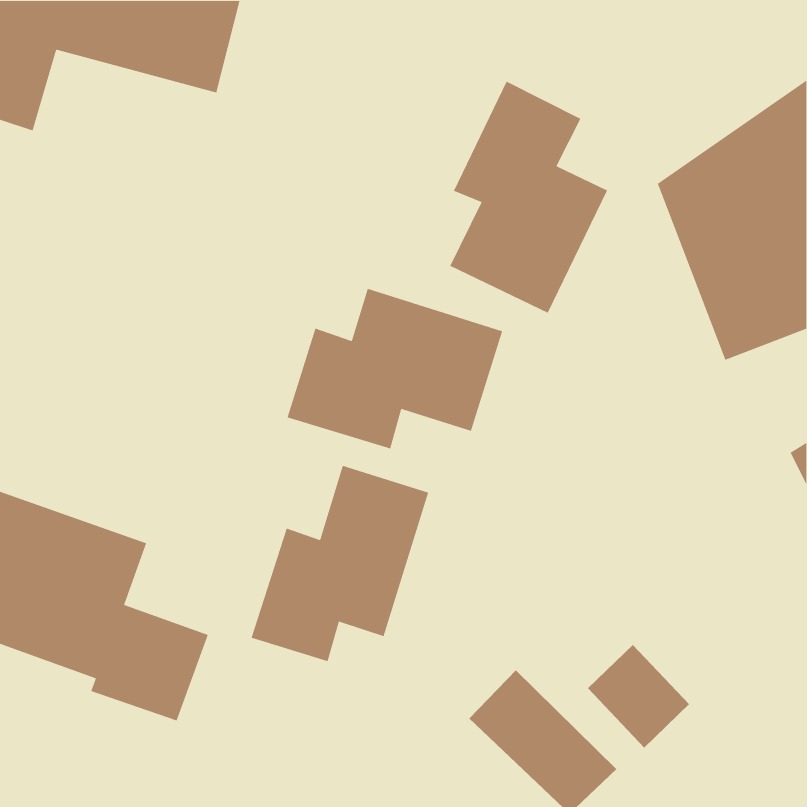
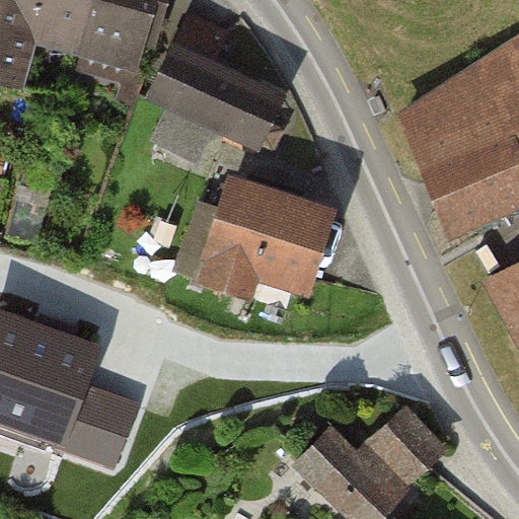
building: none -> [154,20,283,157]
building: [449,81,608,314] -> none
building: [251,465,429,662] -> none

